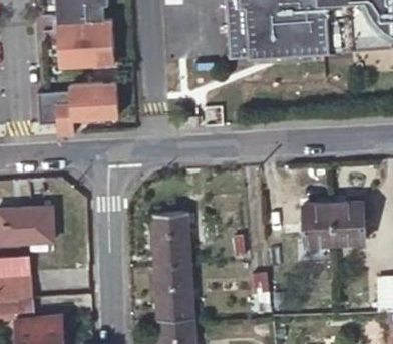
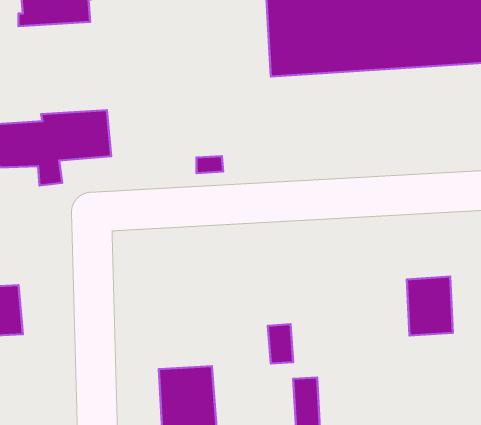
building: [52,19,114,66] -> none
building: [301,205,332,247] -> none
building: [149,213,190,269] -> none

